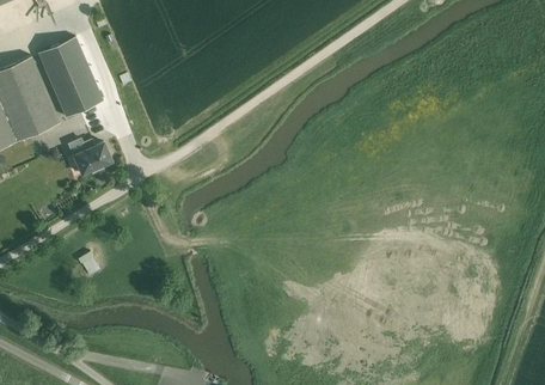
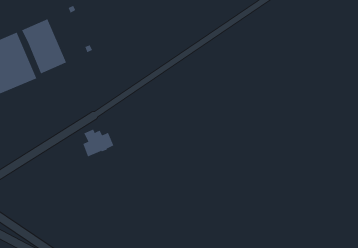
building: [66,137,111,178] -> [83,129,114,157]

